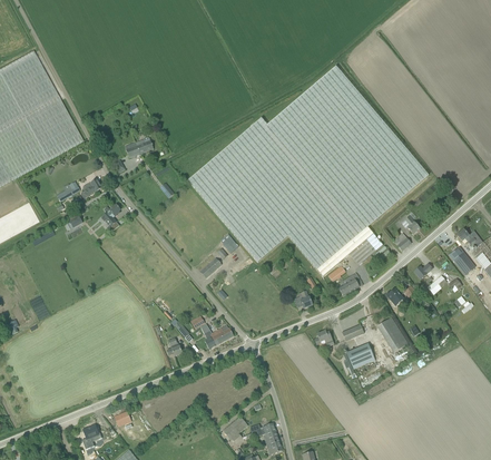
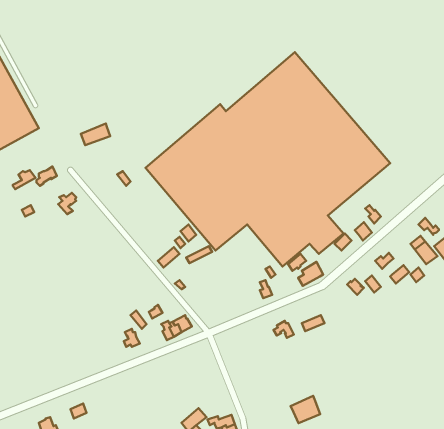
building: [377,316,409,352] -> none
building: [346,342,375,369] -> [291,396,320,423]

